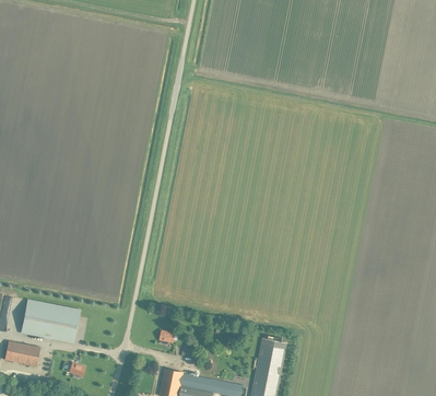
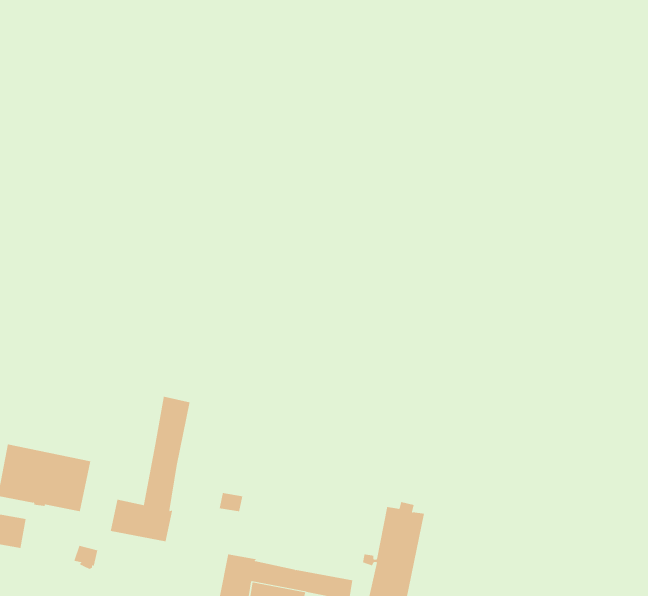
building: none -> [110,396,190,542]

